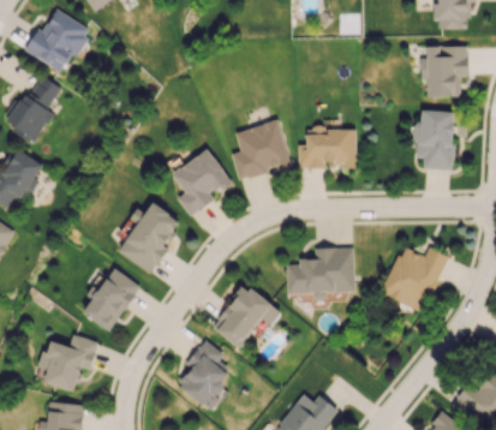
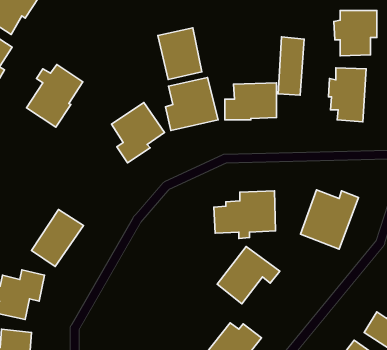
building: none -> [158,28,202,80]
building: none -> [278,37,304,95]
building: [119,203,181,273] -> [27,64,83,127]
building: [211,285,281,348] -> [217,246,280,304]
building: [178,340,231,411] -> none

